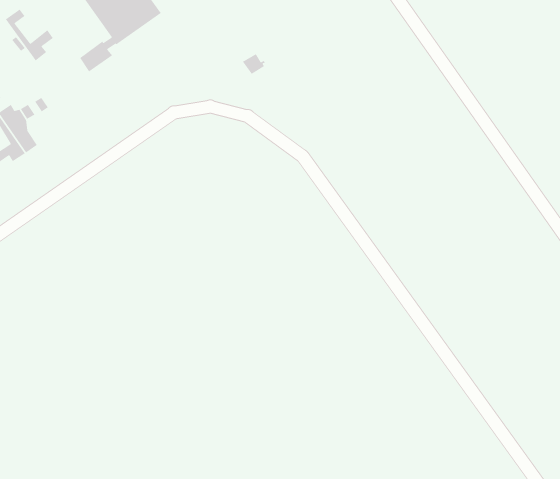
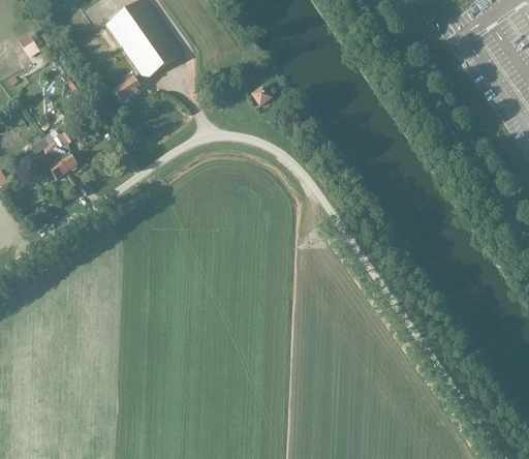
building: [5,9,54,62] -> none

